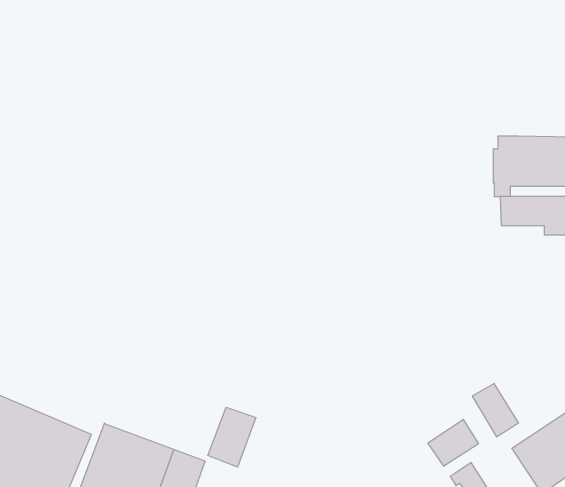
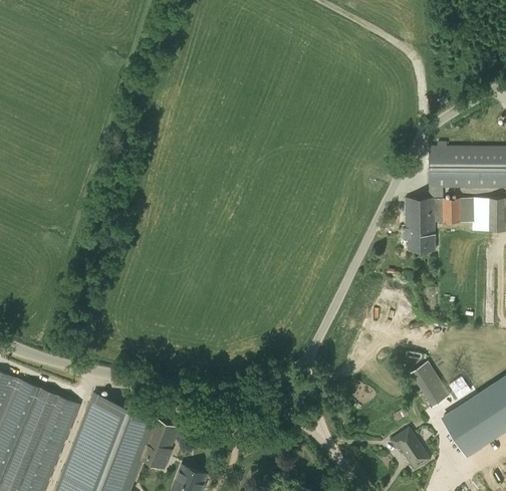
building: none -> [405,199,435,252]
building: [208,407,256,467] -> none
building: [428,419,479,466] -> none

